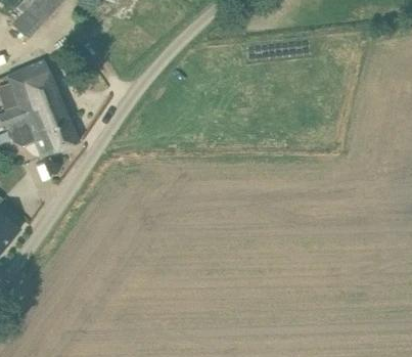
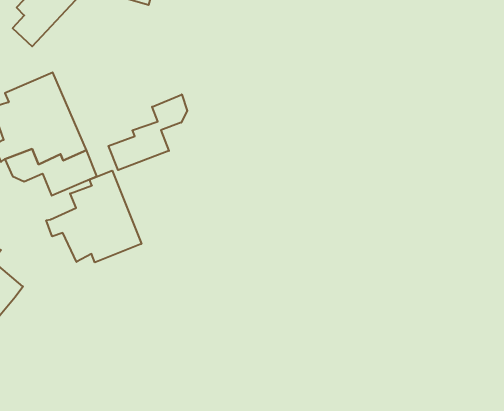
building: none -> [108,94,187,170]
building: none -> [46,171,141,262]

